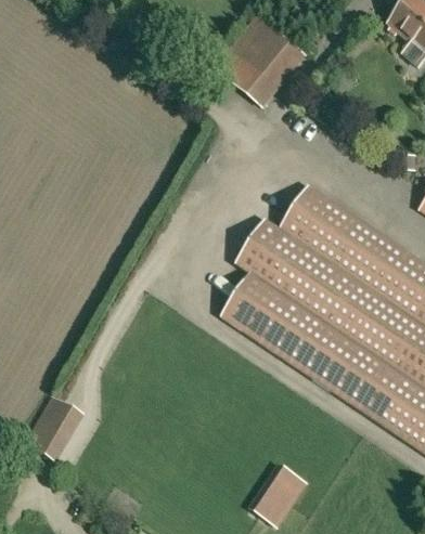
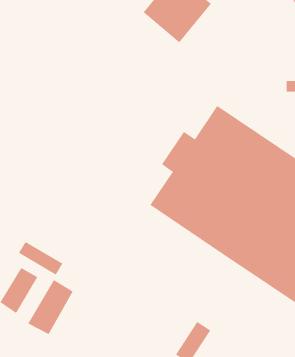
building: none -> [18,241,63,275]
building: none -> [27,279,73,335]

